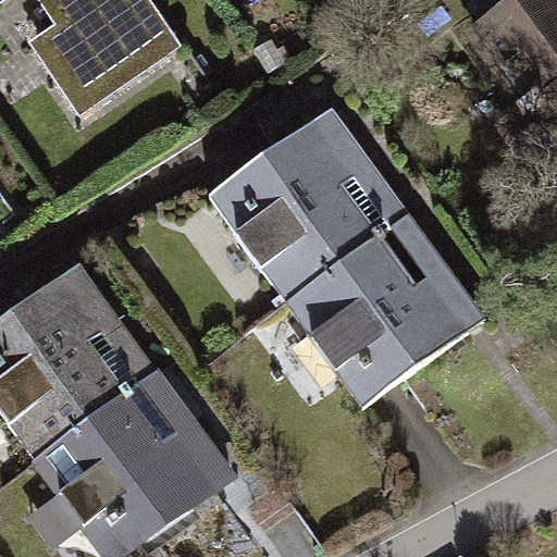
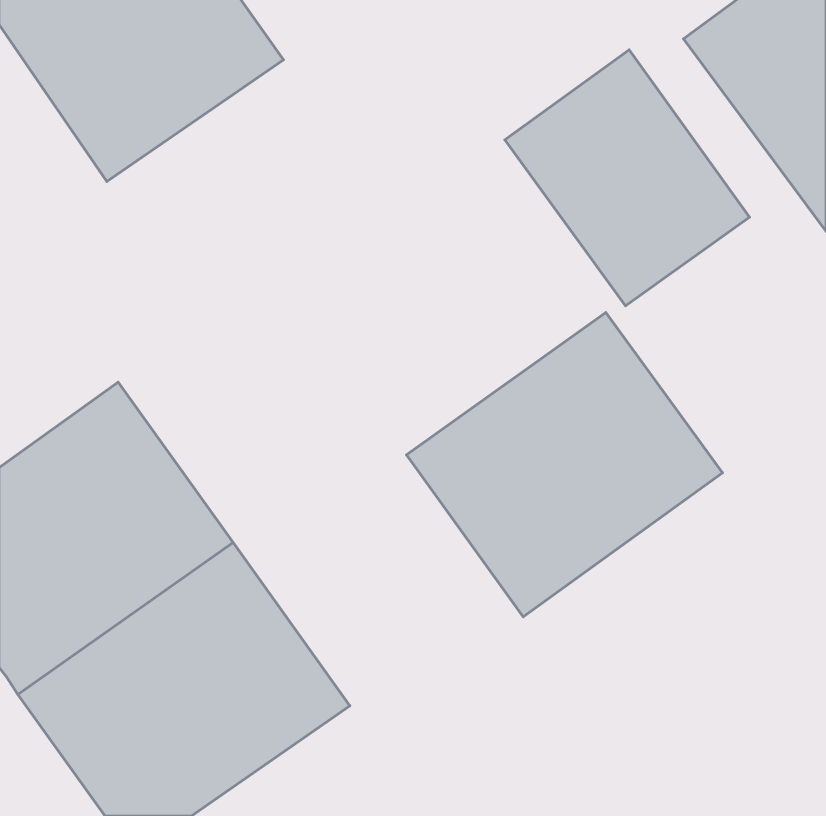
building: none -> [505,50,750,306]
building: [198,106,407,306] -> none

